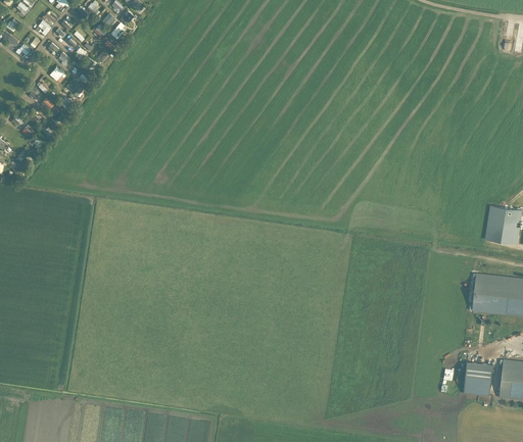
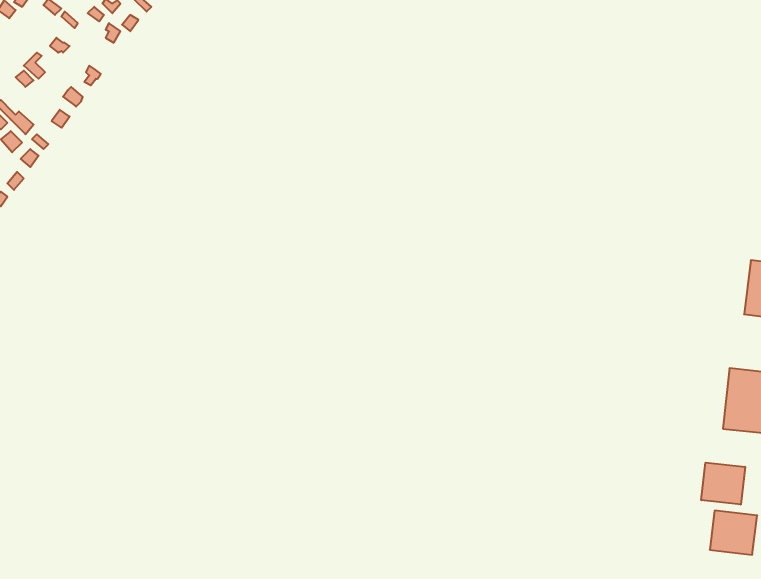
building: none -> [701,463,745,505]

